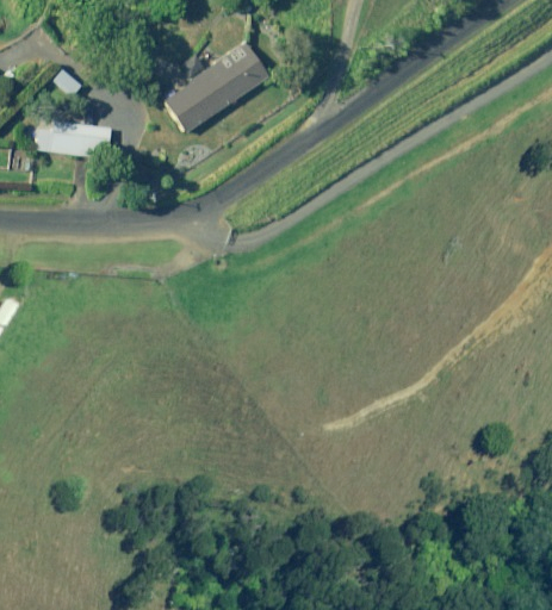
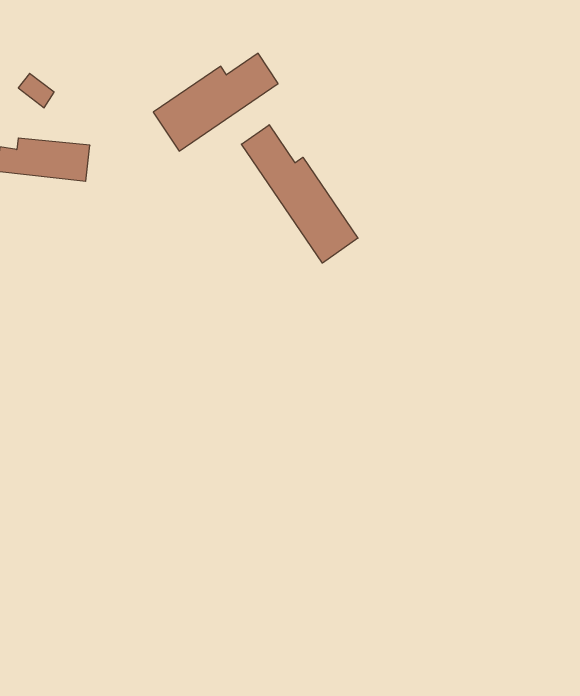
building: none -> [241,125,358,263]

